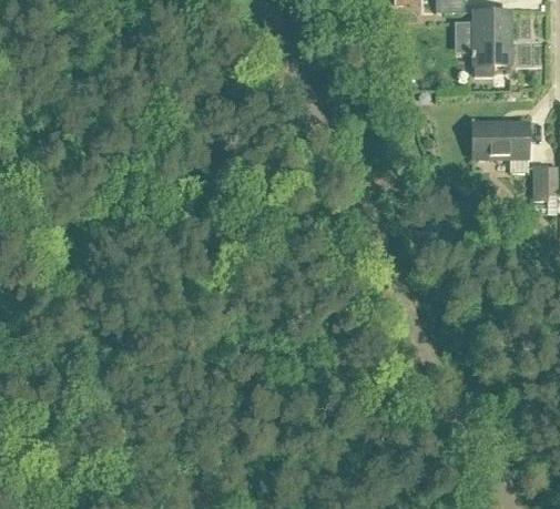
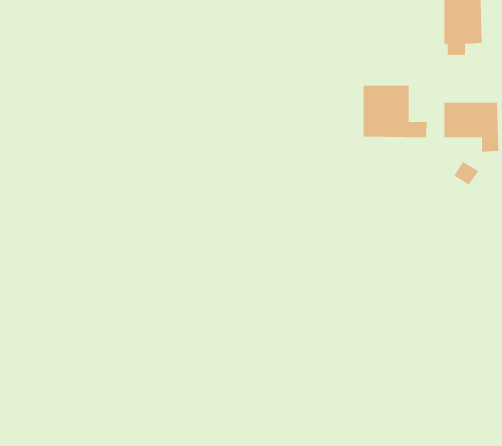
building: none -> [363,85,428,138]

